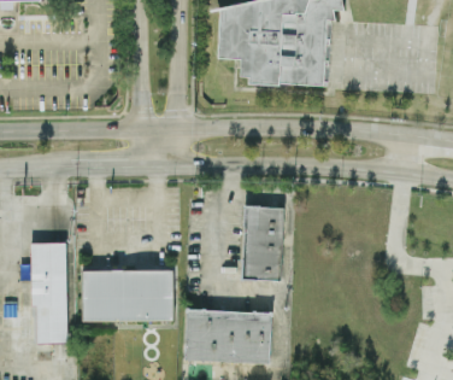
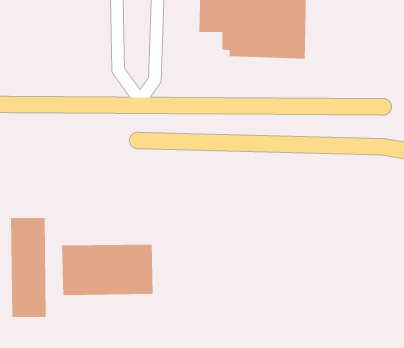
building: [242,206,283,280] -> none
building: [184,309,271,363] -> none

